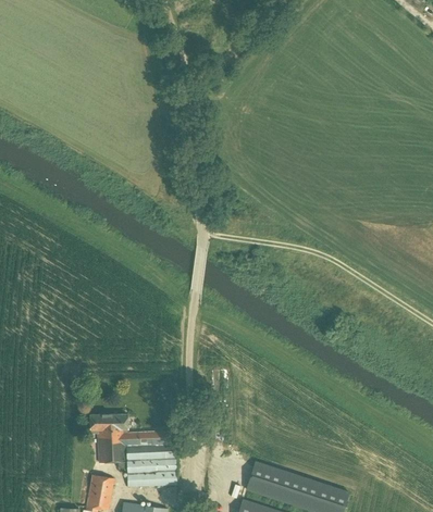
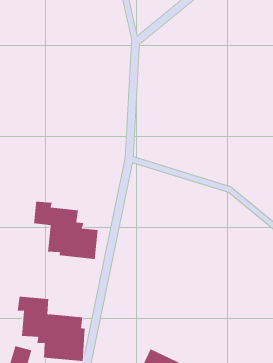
building: none -> [33,201,98,260]

